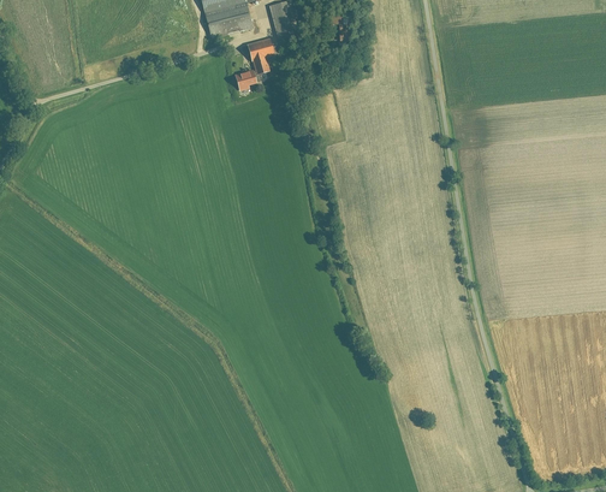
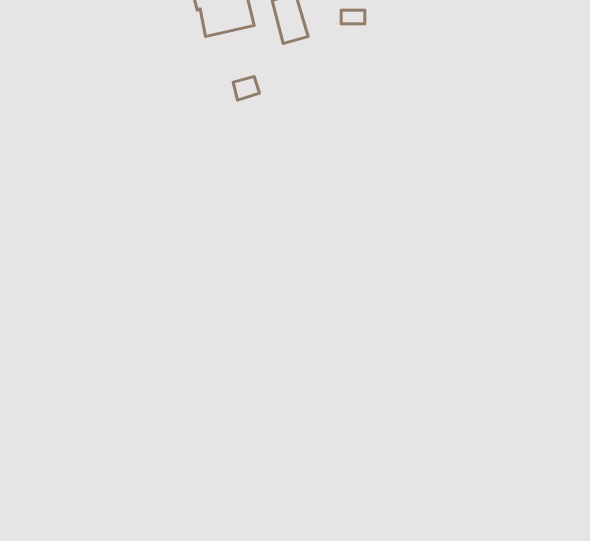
building: [248,37,274,72] -> none

